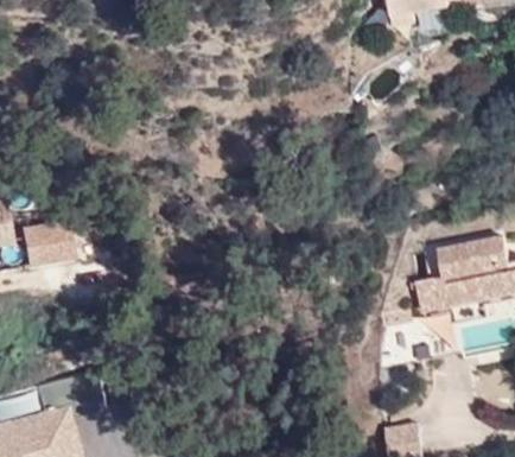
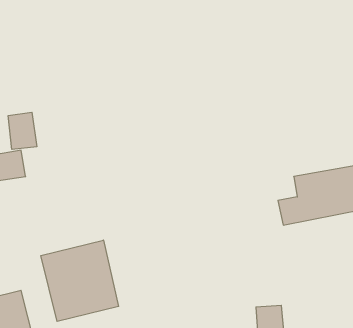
building: none -> [8,112,37,149]
building: none -> [41,240,119,321]

